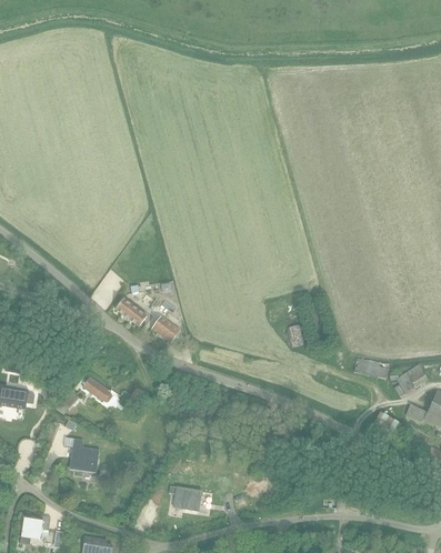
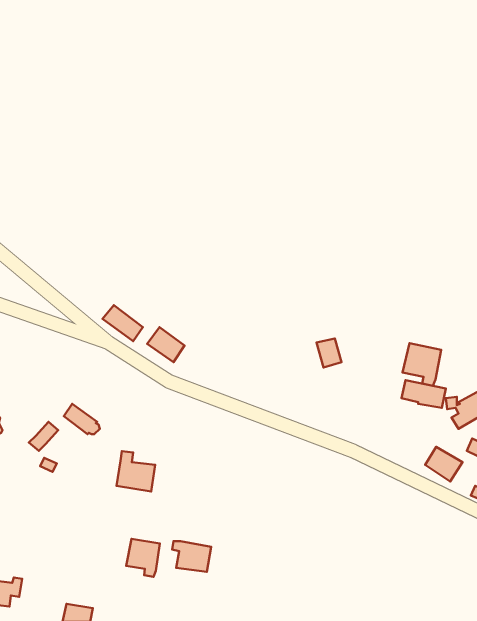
building: none -> [402,343,441,386]
building: [69,438,100,470] -> [116,451,155,491]
building: none -> [126,539,160,577]

